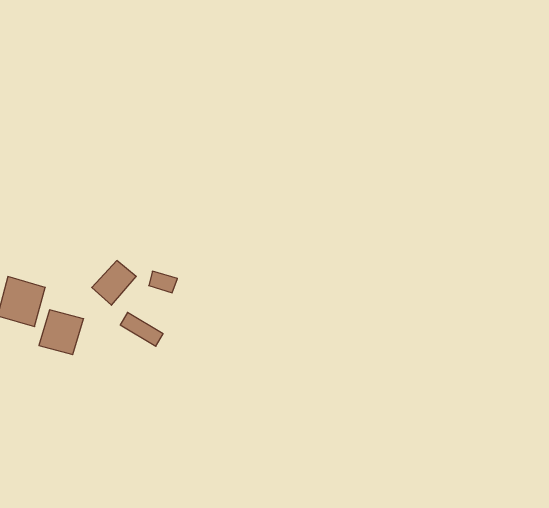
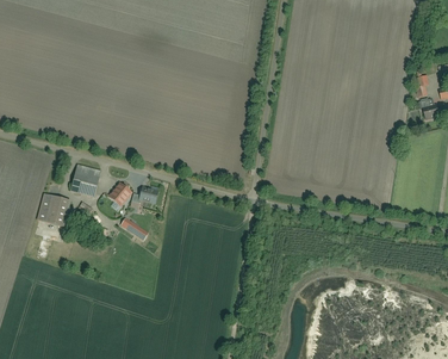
building: [39,310,84,355] -> [70,165,100,194]

